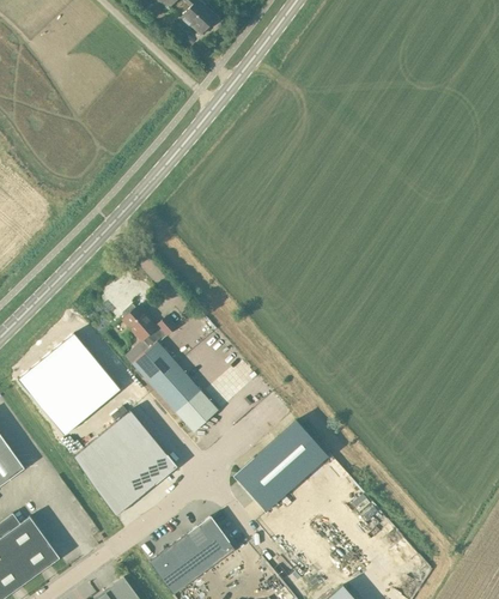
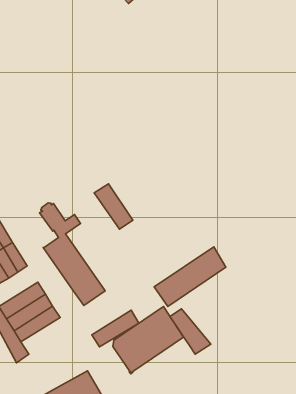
building: none -> [94,184,133,229]
building: none -> [154,247,226,306]
building: none -> [170,309,211,354]
building: [120,452,178,504] -> [92,310,139,347]

